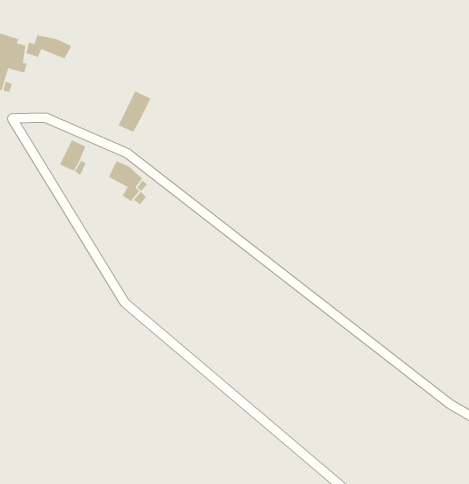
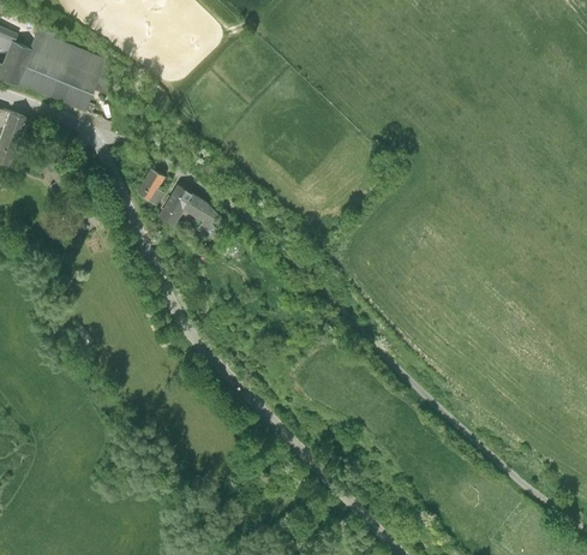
building: [25,34,72,59] -> none
building: [118,91,151,132] -> [157,183,193,225]

